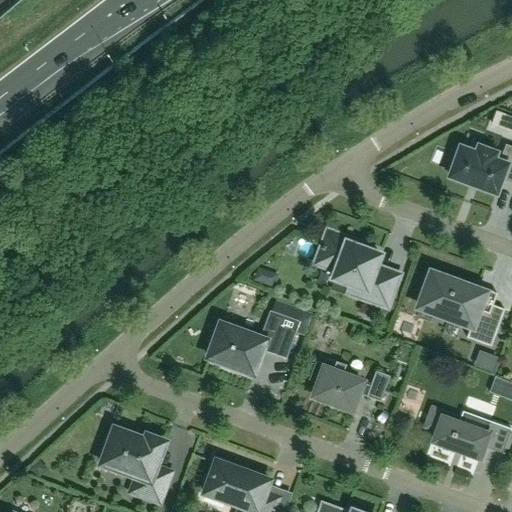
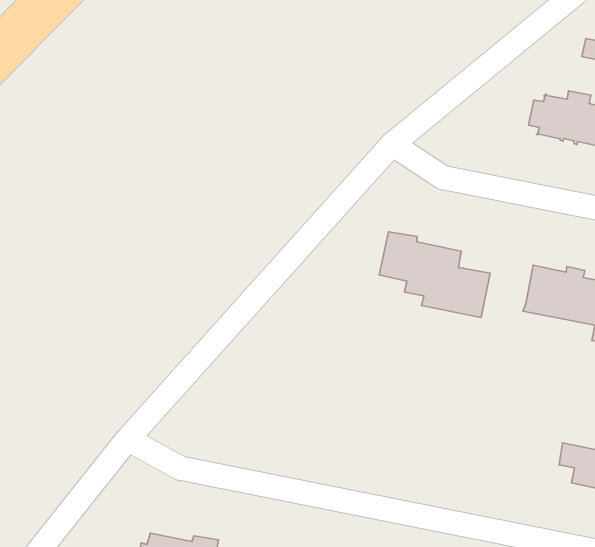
building: [208,310,300,374] -> none
building: [314,364,390,410] -> none

